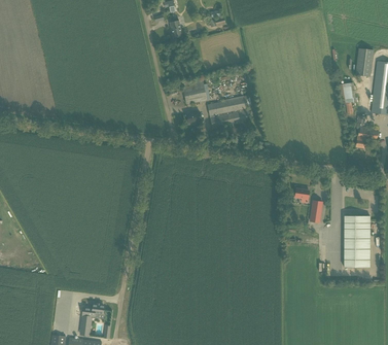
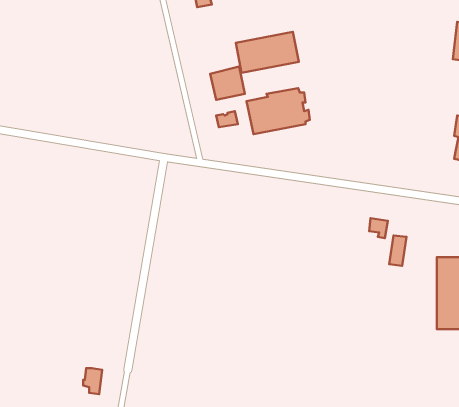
building: none -> [236,32,299,73]

